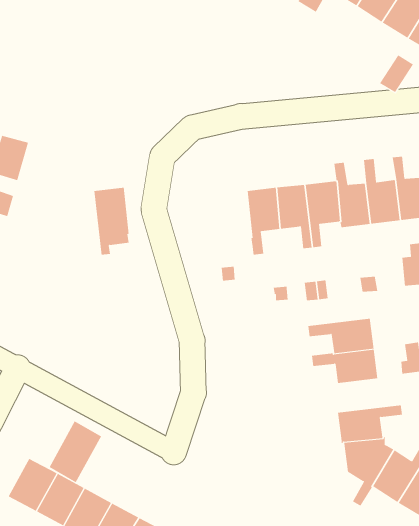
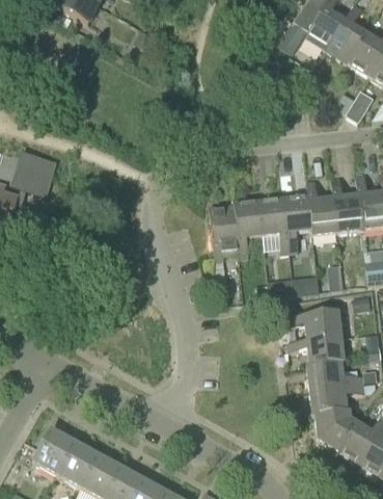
building: [94,187,129,255] -> [209,203,239,260]
building: none -> [307,361,364,389]
building: [49,420,102,483] -> none

